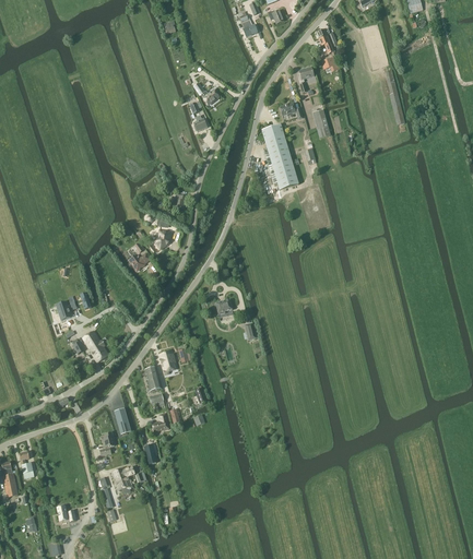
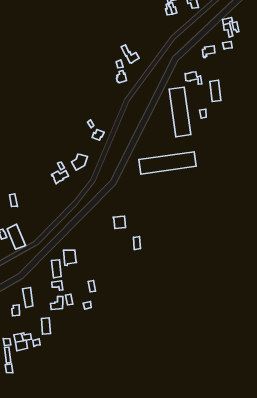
building: none -> [139,152,196,174]

